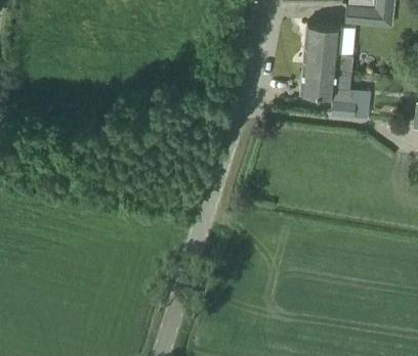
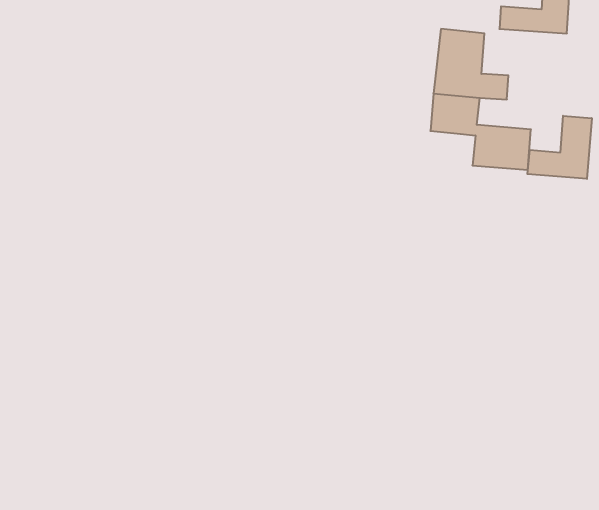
building: none -> [527,116,592,179]

